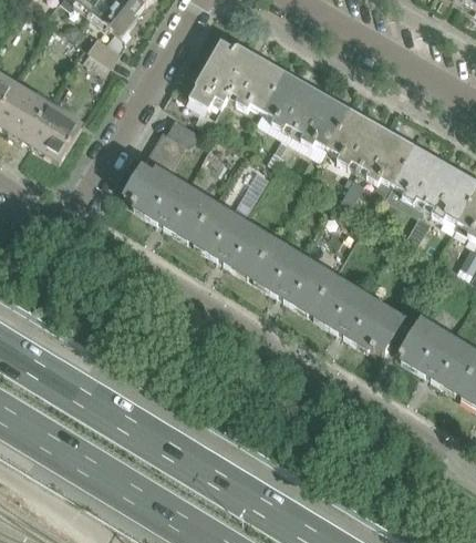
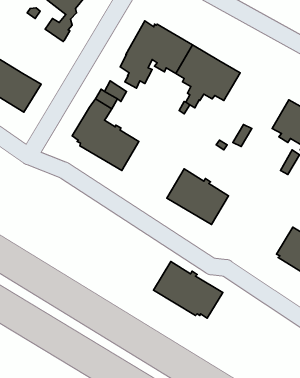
building: [327,107,414,193] -> none
building: [189,201,273,277] -> none
building: [310,274,403,350] -> [154,261,223,318]

